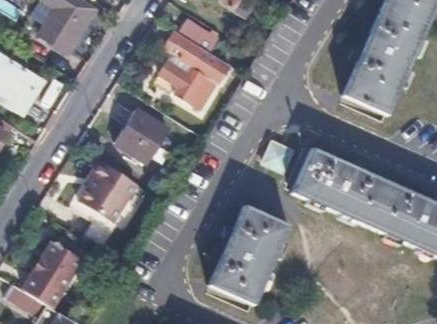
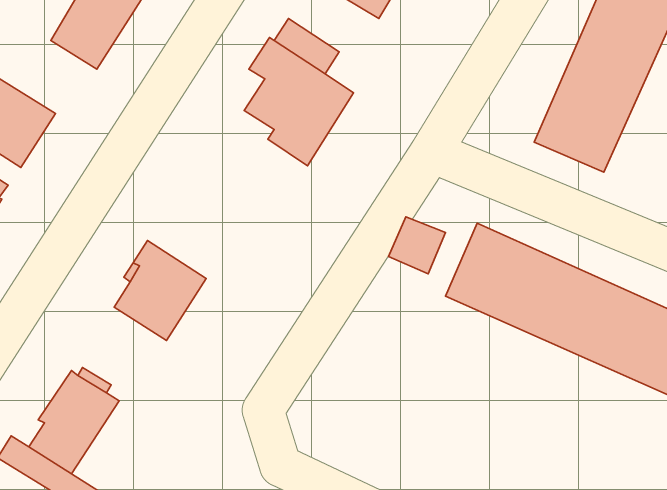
building: [116,109,170,162] -> none
building: [209,205,287,305] -> none

